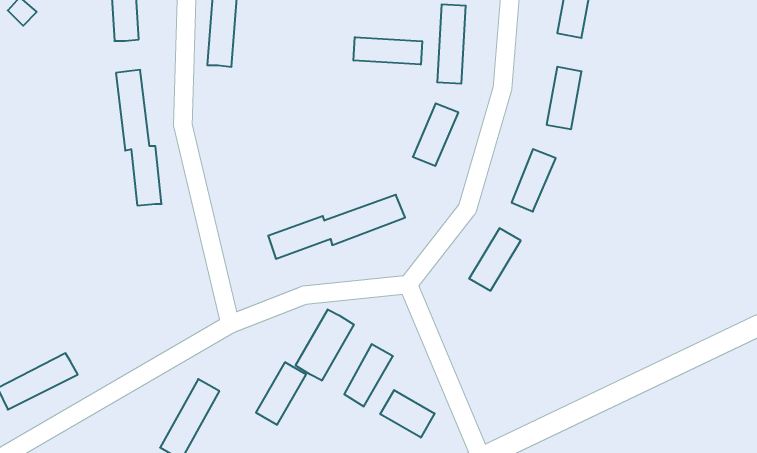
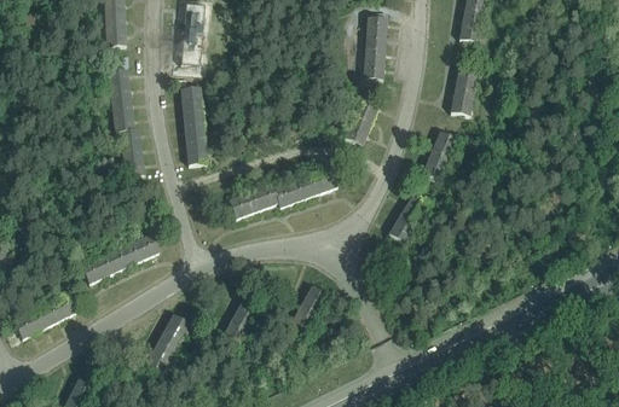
building: [354,37,422,65] -> none
building: none -> [180,86,207,163]
building: none -> [81,233,158,283]
building: [296,309,354,381] -> none
building: [380,390,435,438] -> none

